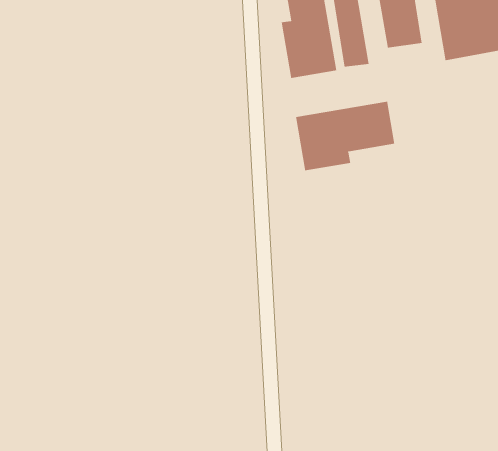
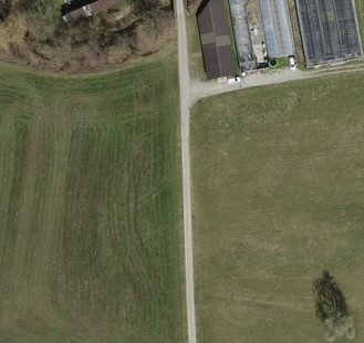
building: [295,101,395,171] -> none

